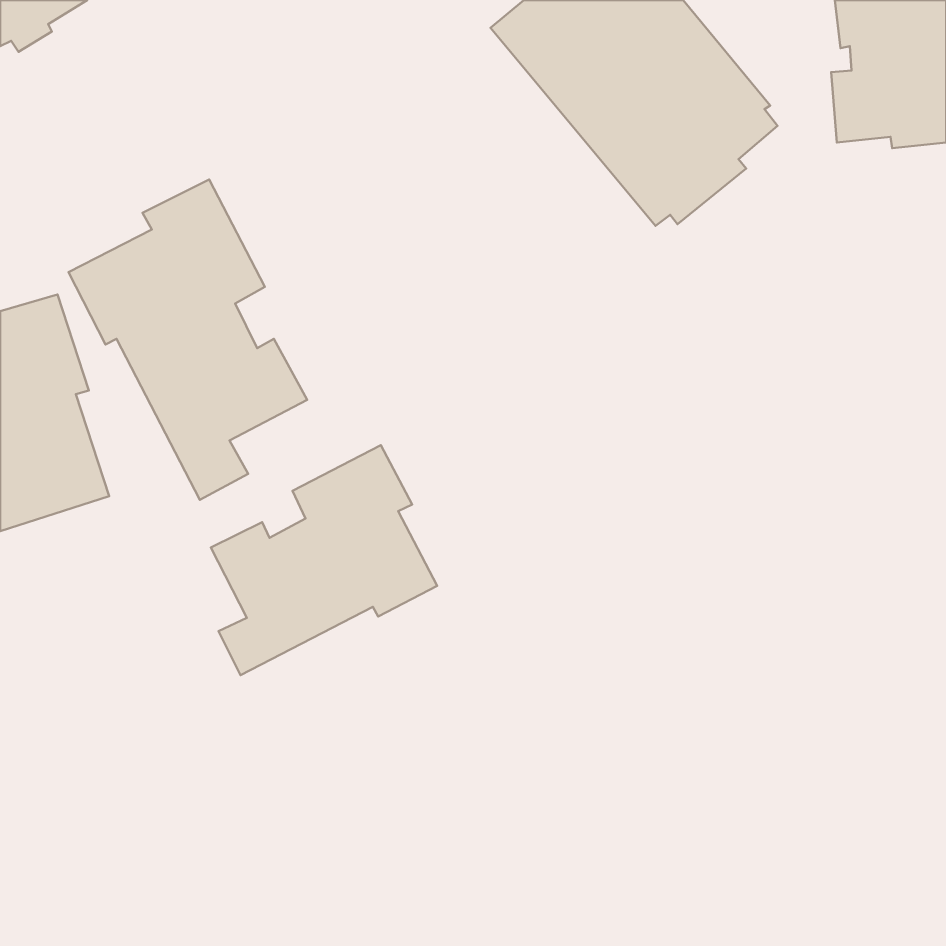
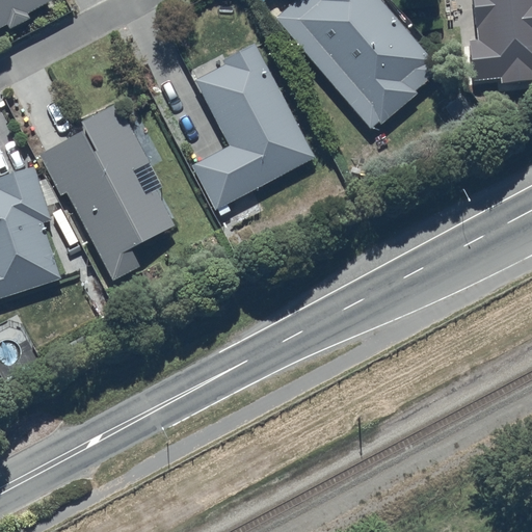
building: none -> [191,41,315,208]
building: [211,445,437,675] -> none

